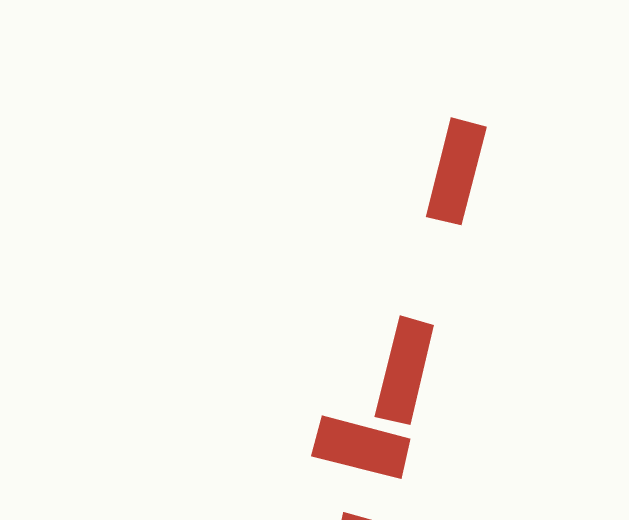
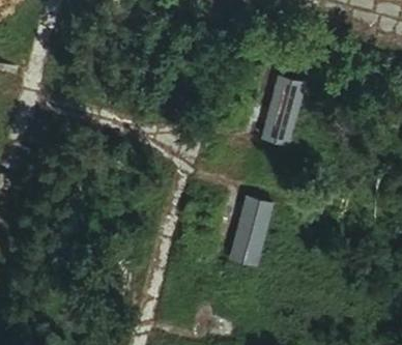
building: [310,414,411,480] -> none

